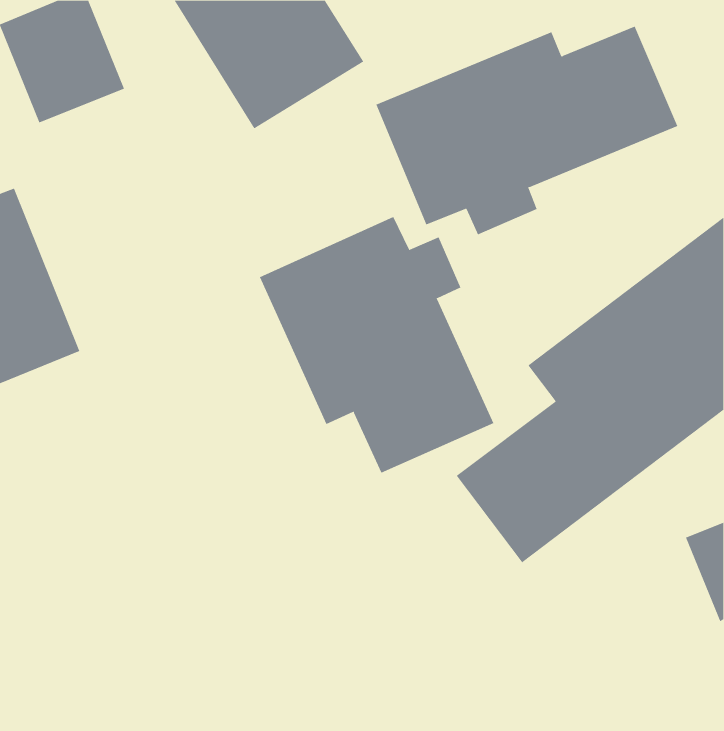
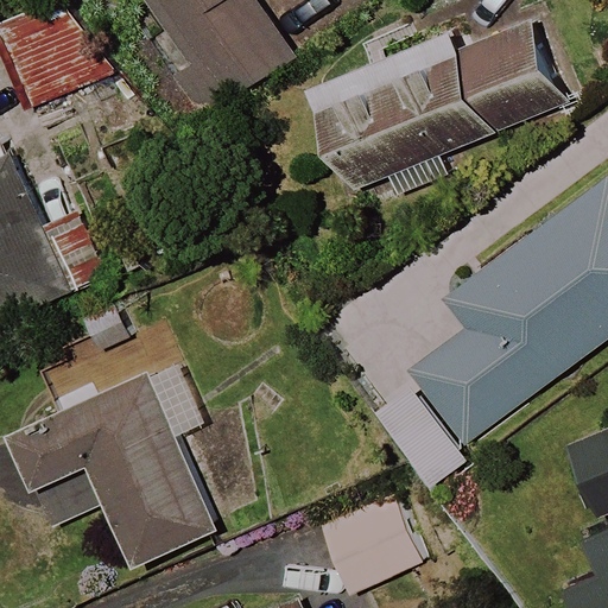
building: [259,216,494,474] -> none
building: none -> [18,359,217,562]
building: none -> [321,496,422,594]

